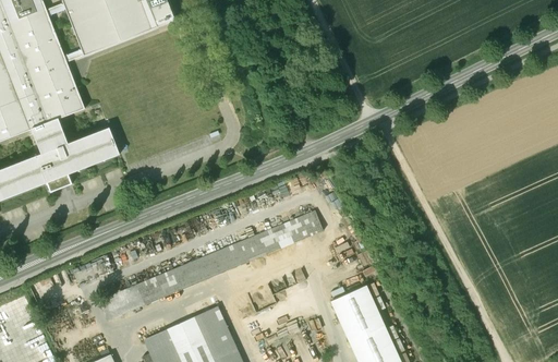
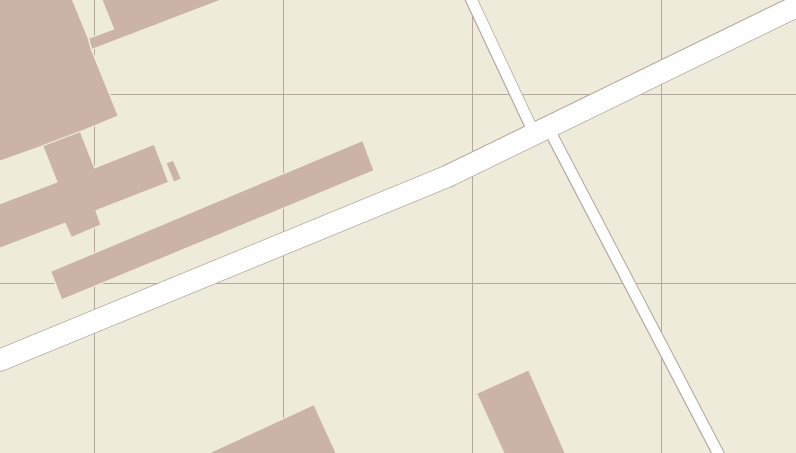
building: [100,209,324,319] -> [50,141,374,300]

